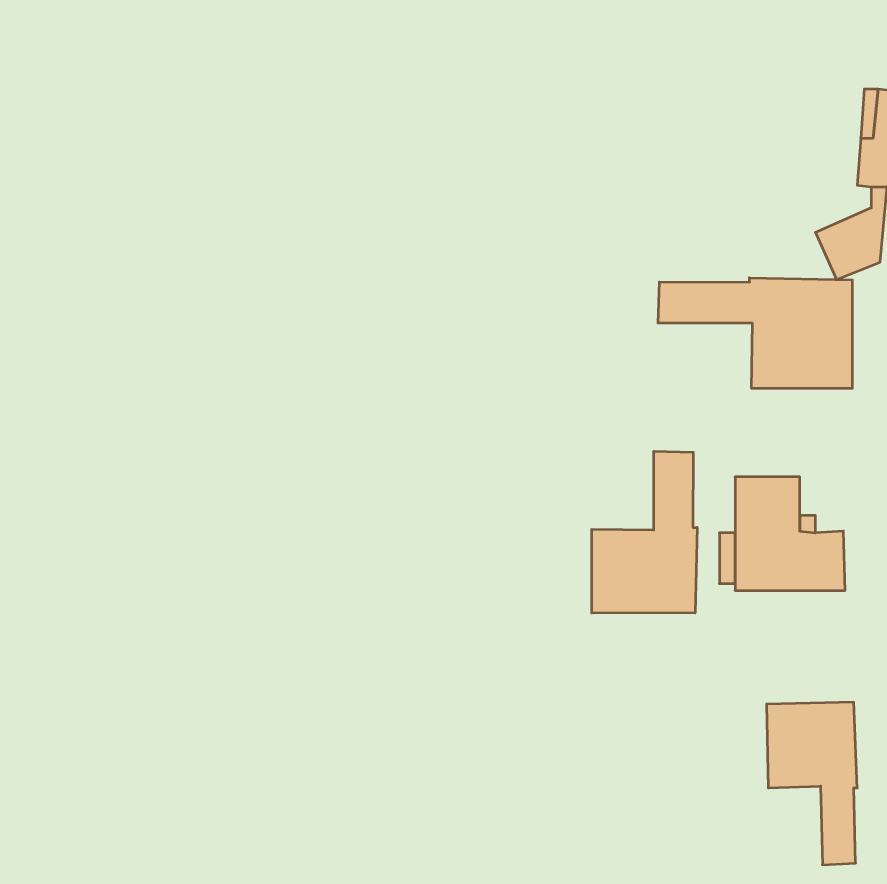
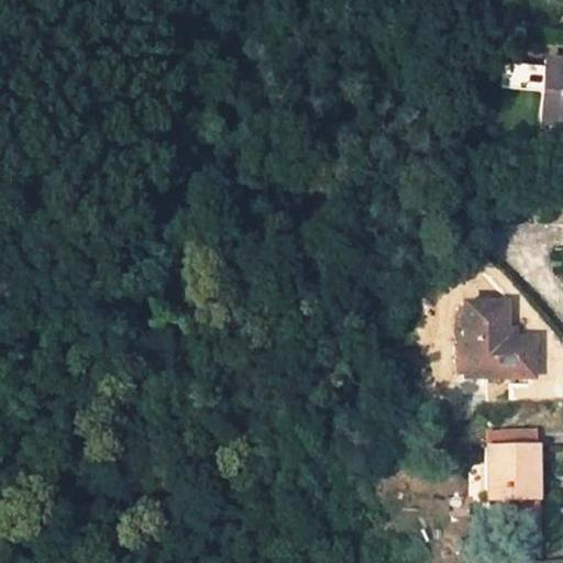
building: [658,278,852,388] -> none
building: [592,451,697,613] -> none

